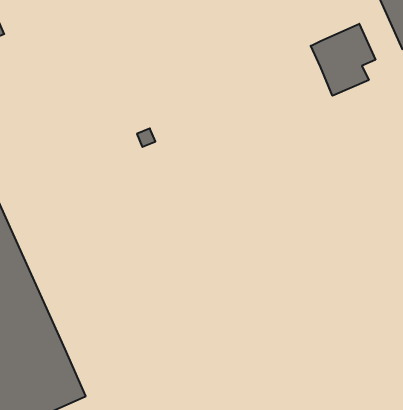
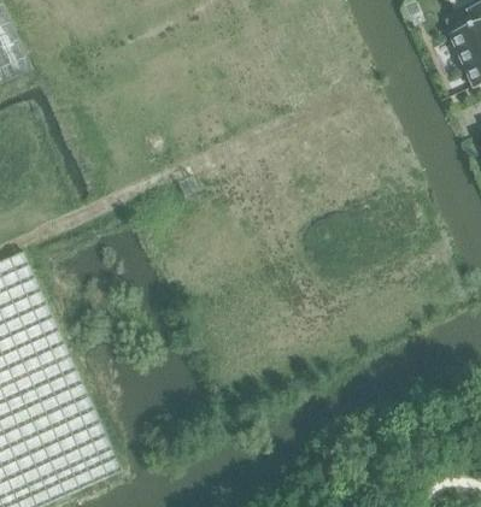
building: [311,24,375,96] -> none

